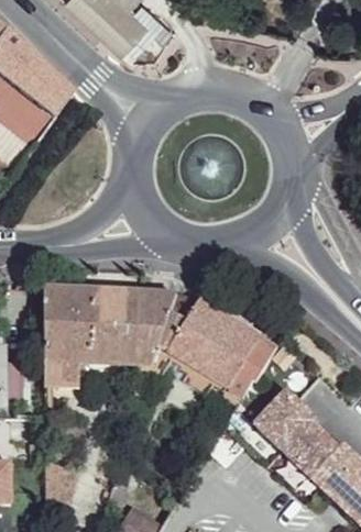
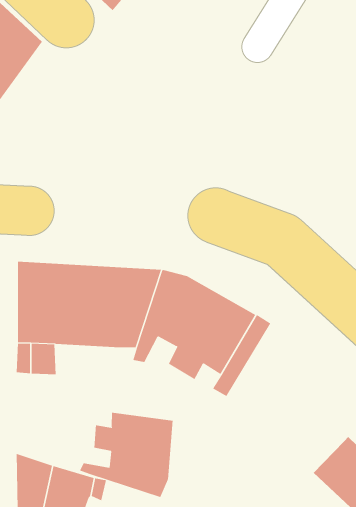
building: [255,390,338,476] -> none
building: none -> [79,412,173,498]

